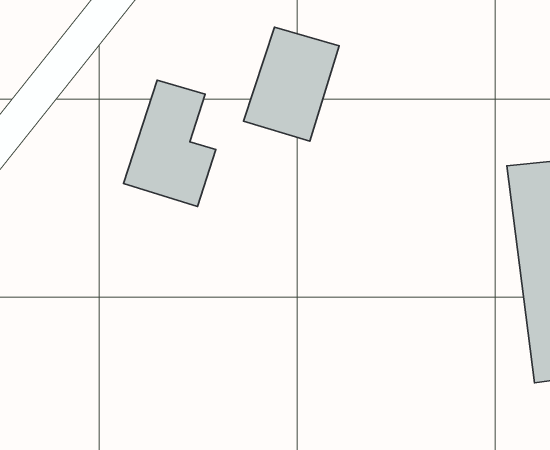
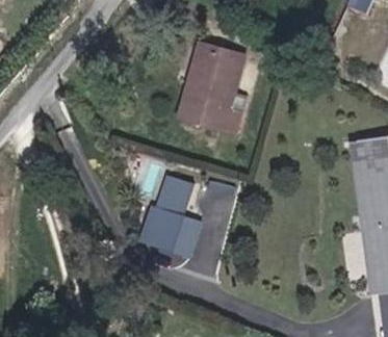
building: [123,80,216,206] -> [136,175,199,260]

